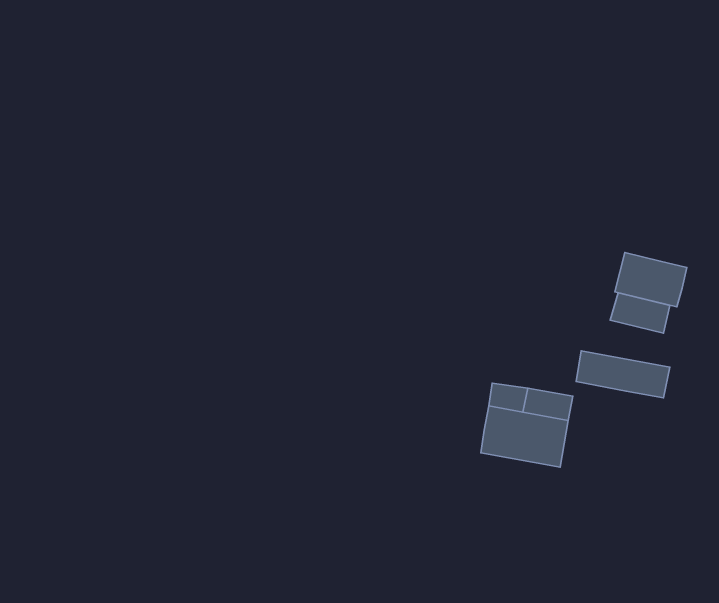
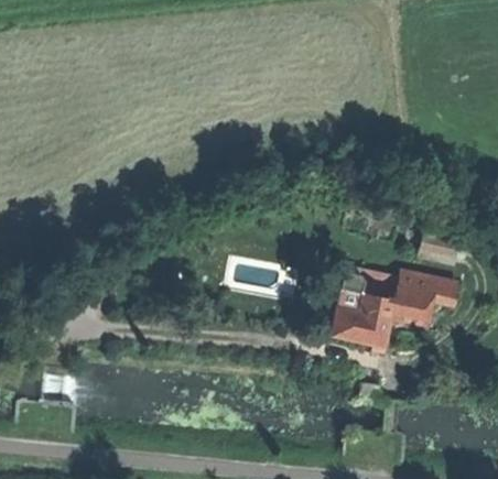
building: [615,252,687,307] -> none
building: none -> [391,290,431,323]

